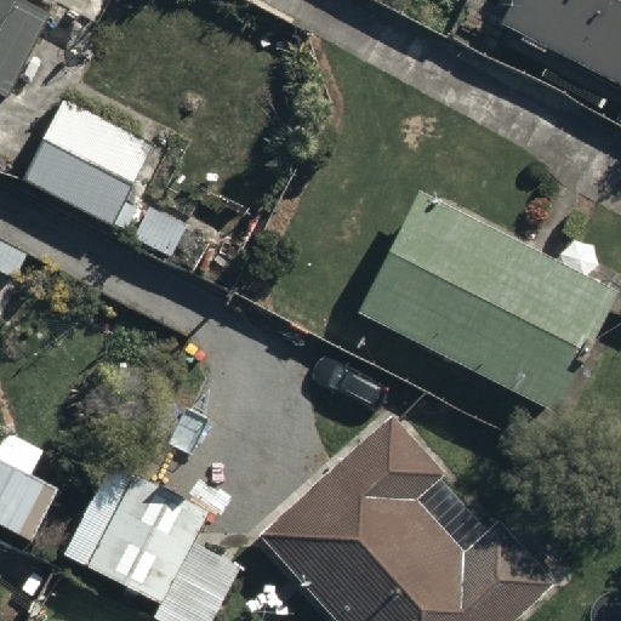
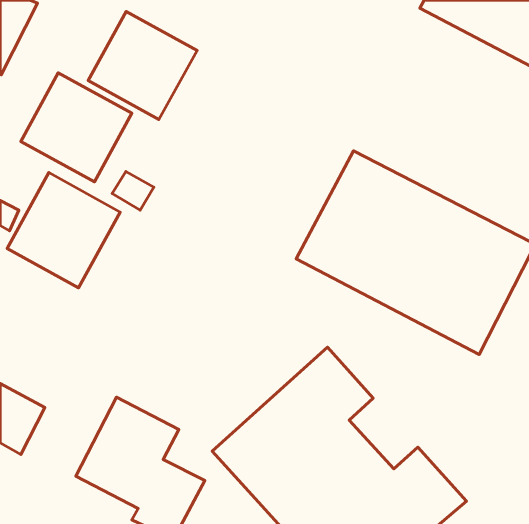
building: none -> [88,12,197,120]
building: none -> [7,173,120,288]

